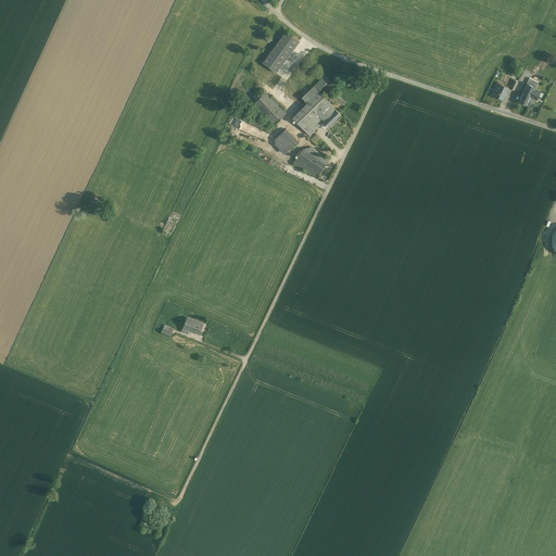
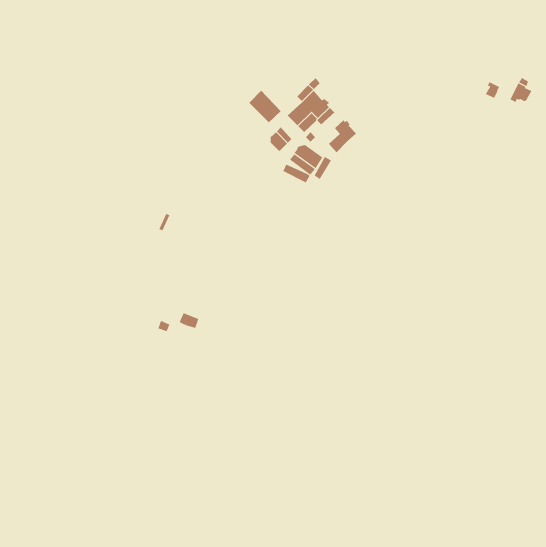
building: [262,31,299,73] -> none
building: none -> [328,120,357,153]

